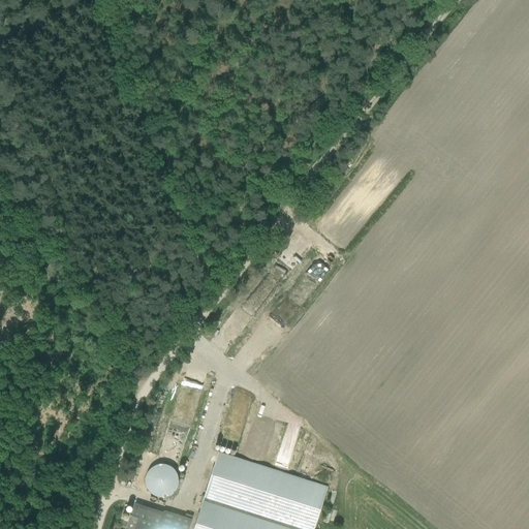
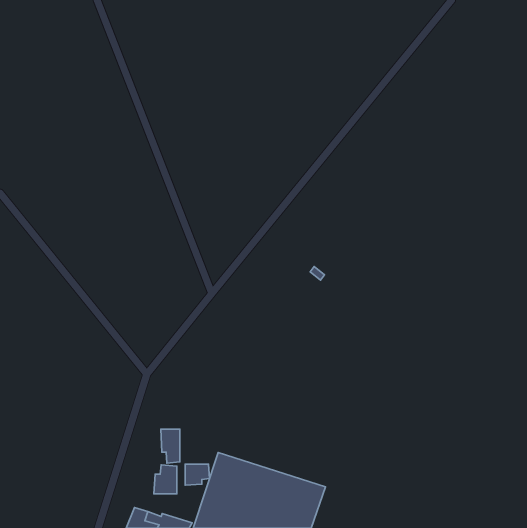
building: none -> [161,429,180,463]
building: none -> [185,464,210,485]

